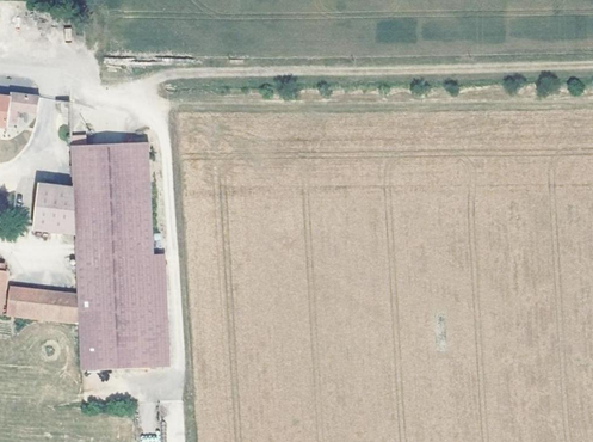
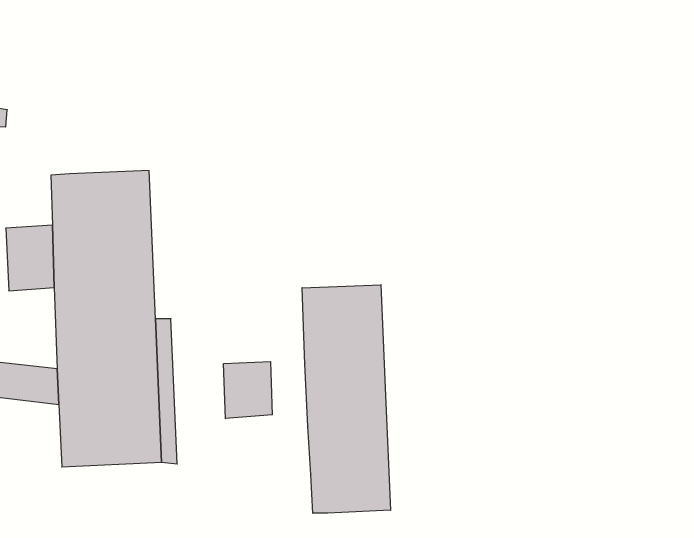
building: none -> [302,285,391,513]
building: none -> [224,362,272,419]

